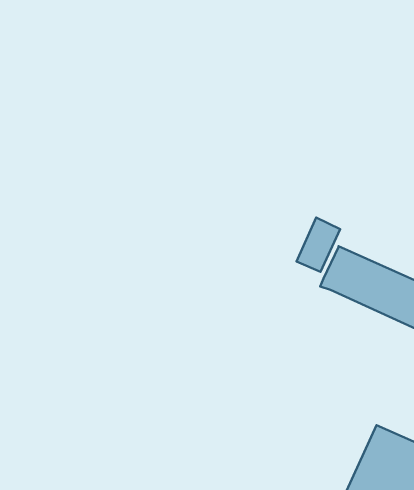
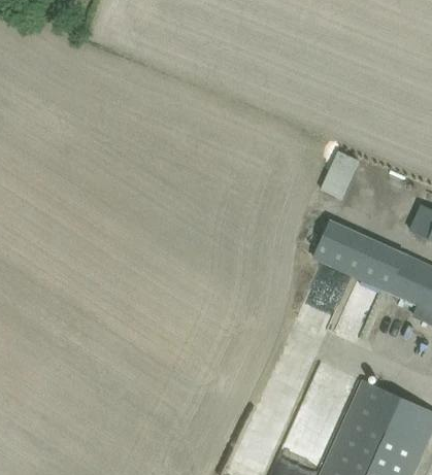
building: [296,218,340,272] -> [321,150,360,199]

